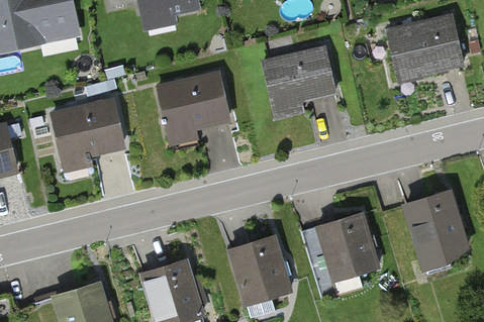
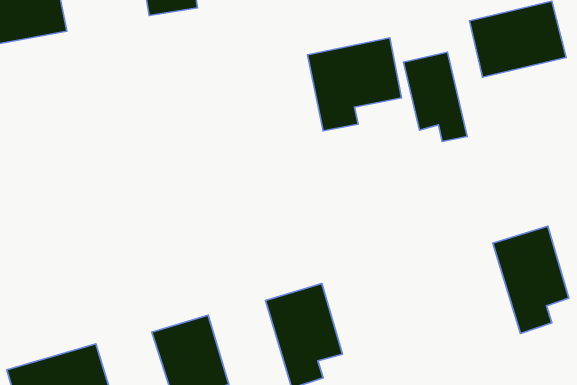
building: none -> [403,52,467,141]
building: [159,71,230,142] -> none
building: [52,97,125,170] -> none
building: [301,212,377,297] -> none

